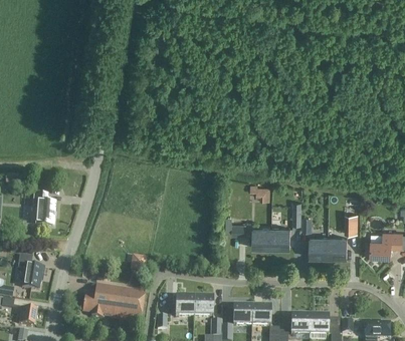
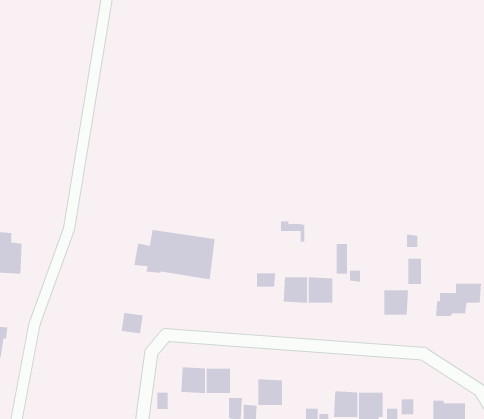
building: [309,236,328,256] -> none
building: [81,283,144,321] -> [133,229,216,280]
building: [251,305,270,324] -> none

